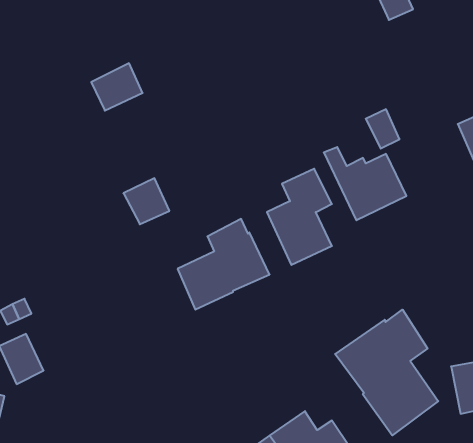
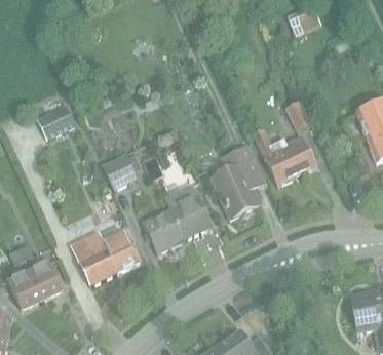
building: [91,63,143,111] -> [36,104,75,140]
building: none -> [73,228,141,284]
building: [335,310,438,435] -> none
building: none -> [28,261,62,299]

